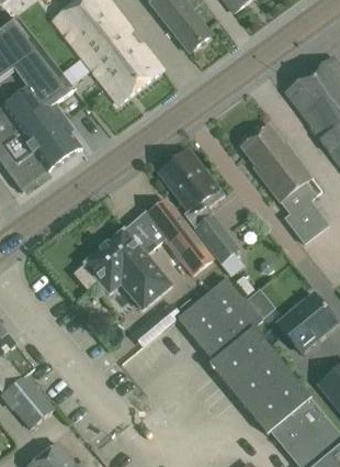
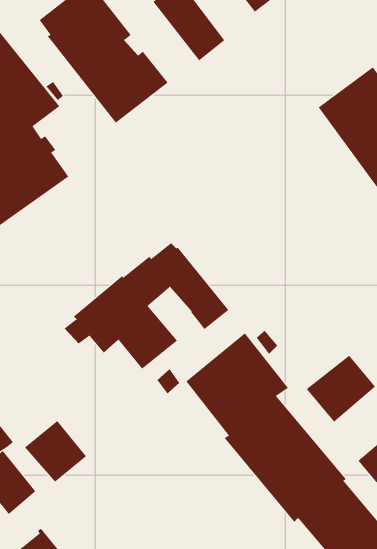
building: [240,124,328,243] -> none
building: [159,151,237,262] -> none
building: none -> [24,420,87,483]

